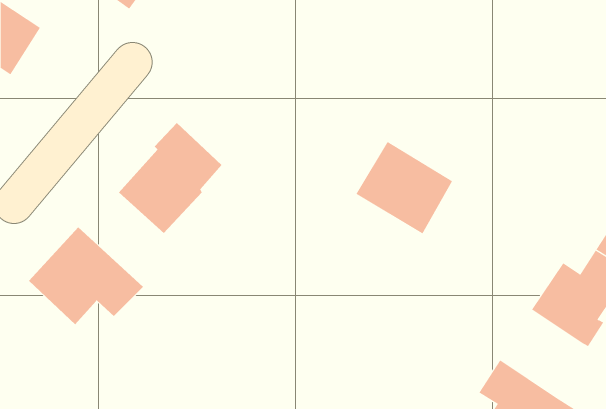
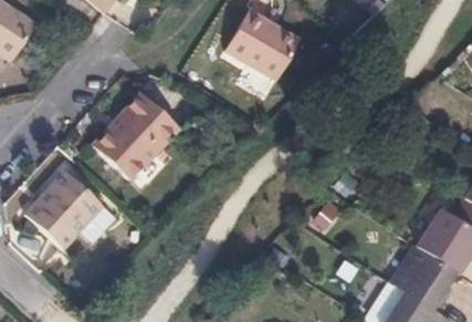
building: [356,141,453,234] -> [223,10,298,82]
building: none -> [389,243,453,311]

